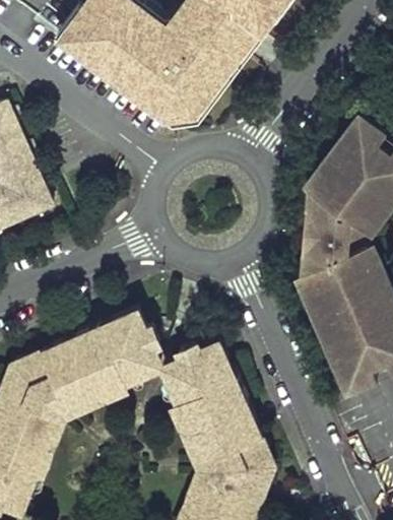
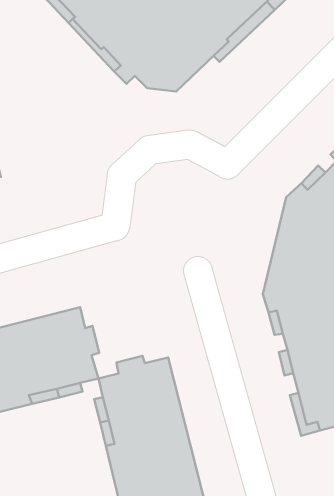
building: [149,76,226,123] -> none

